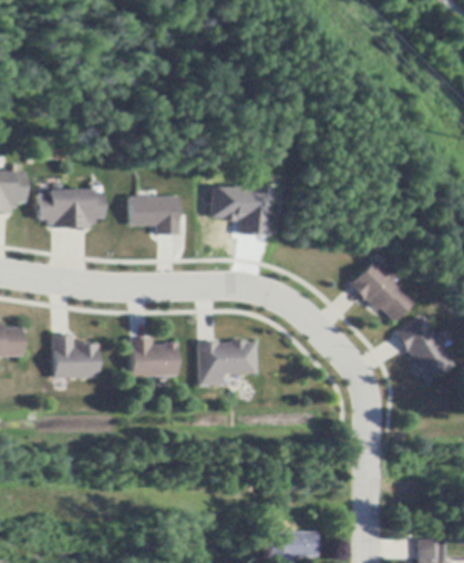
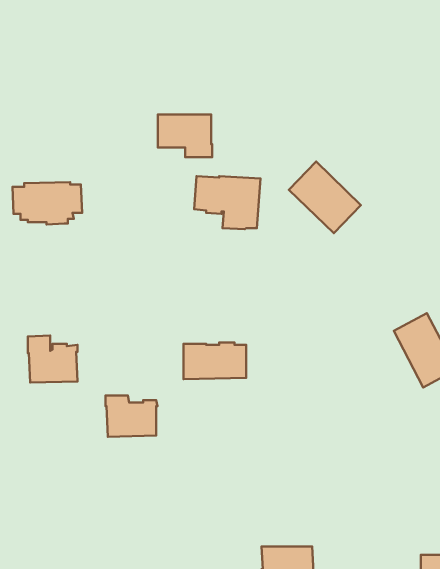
building: [126,193,177,233] -> [158,115,212,157]
building: [348,256,415,324] -> [289,161,361,233]
building: [130,338,178,377] -> [105,396,157,437]

